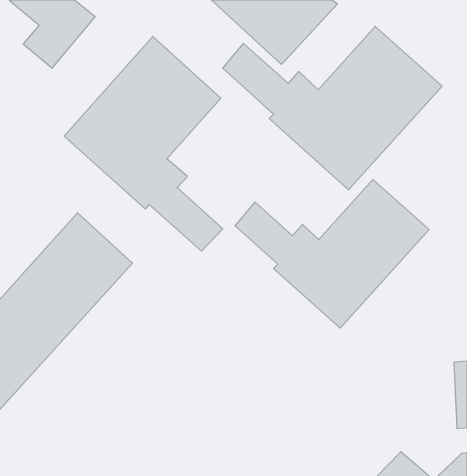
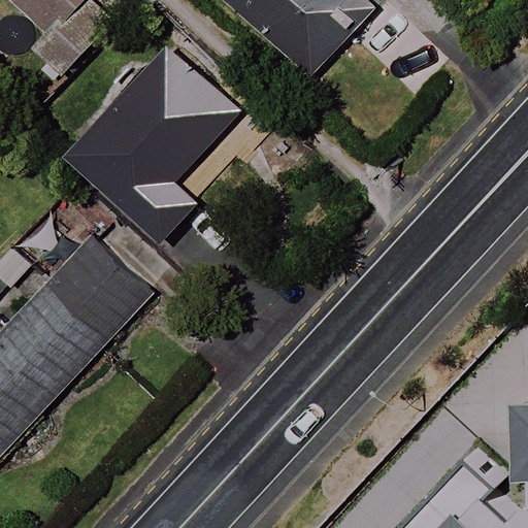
building: [223,26,442,190] -> none
building: [235,180,429,328] -> none

